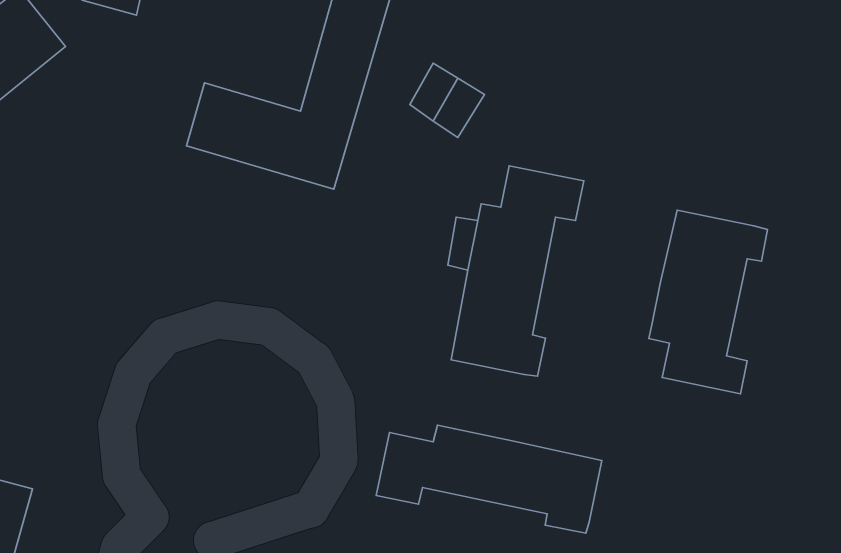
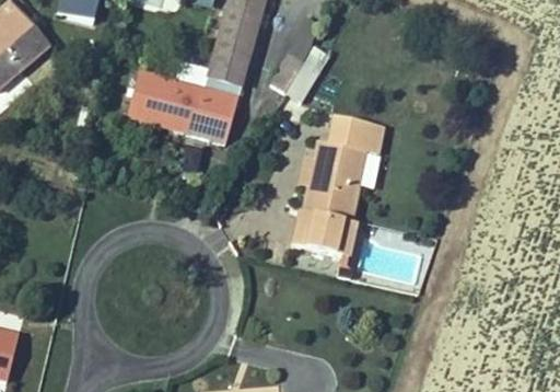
building: [649,210,767,394] -> none
building: [376,425,602,533] -> none

